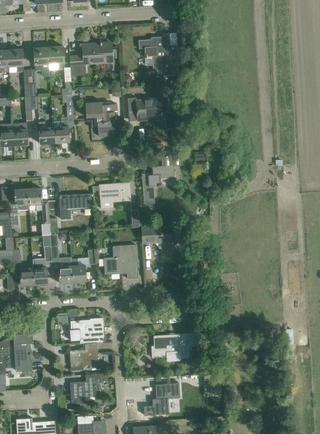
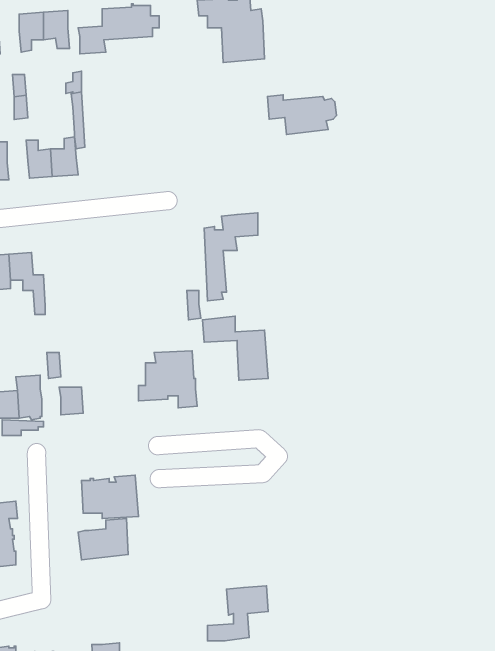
building: [126,98,167,121] -> [268,95,337,135]
building: [84,102,116,136] -> none
building: [98,182,130,210] -> none
building: [58,194,87,219] -> none
building: [70,251,94,282] -> none
building: [151,333,199,361] -> none
building: [69,373,107,398] -> none

